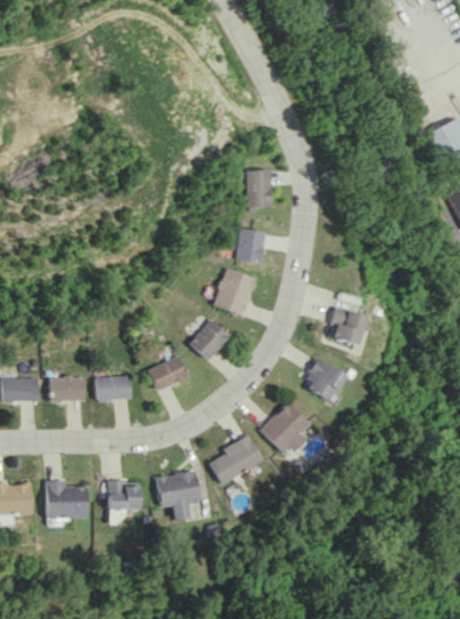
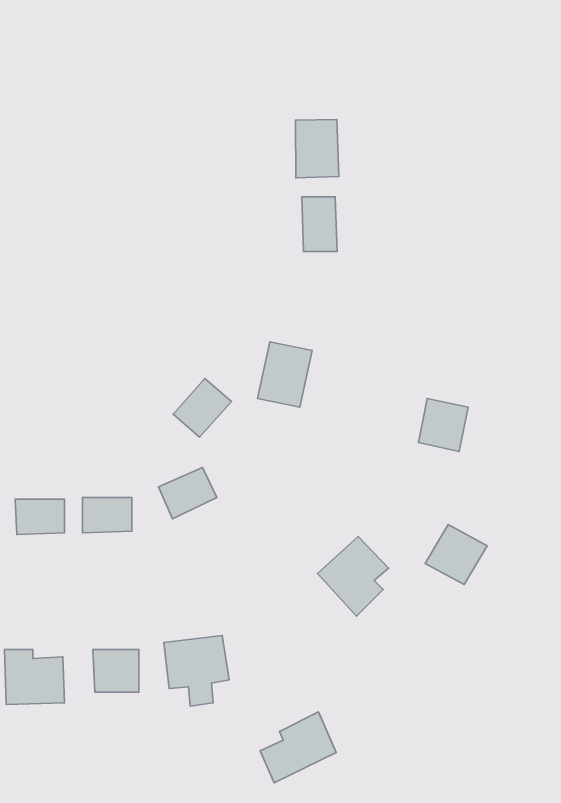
building: none -> [296,120,339,178]
building: [238,228,267,263] -> none
building: [191,319,231,359] -> [173,379,231,437]
building: [301,359,343,401] -> [425,524,487,585]
building: [208,435,260,483] -> [260,712,336,783]

